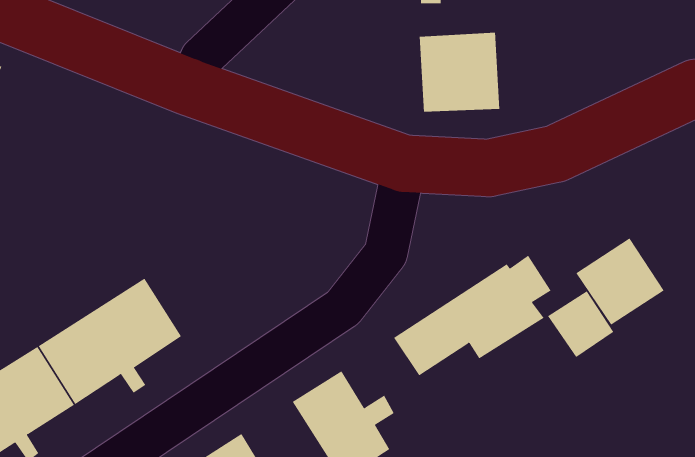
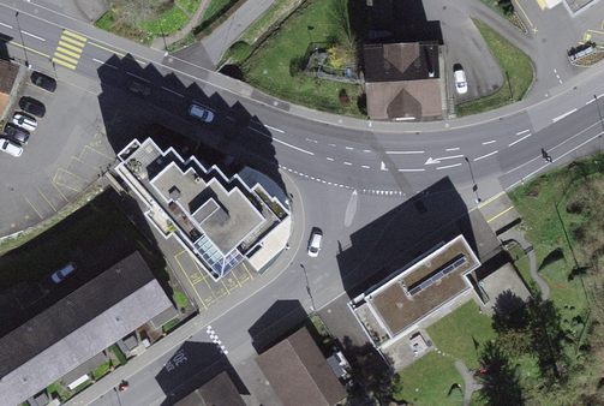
building: none -> [113,136,281,275]
building: [575,238,664,325] -> none

